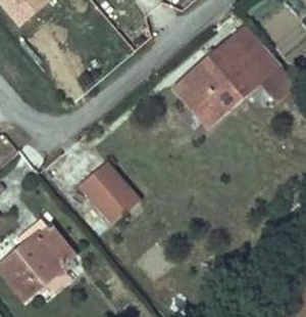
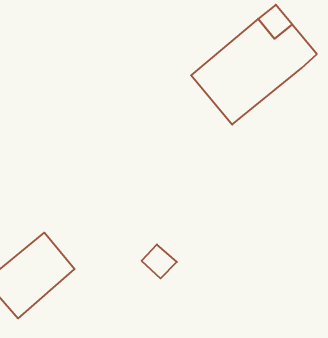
building: [68,151,133,217] -> none

